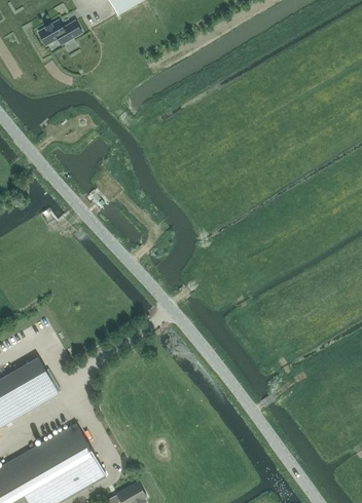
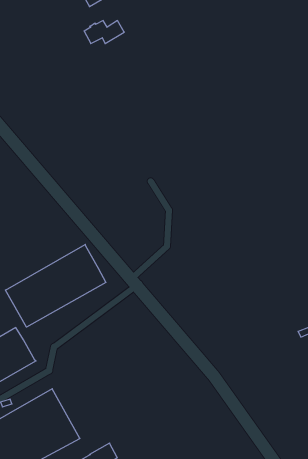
building: [37,21,80,45] -> [84,21,124,44]
building: none -> [5,244,106,327]

